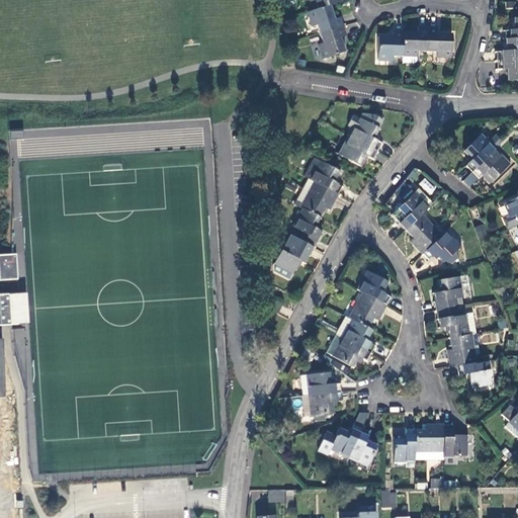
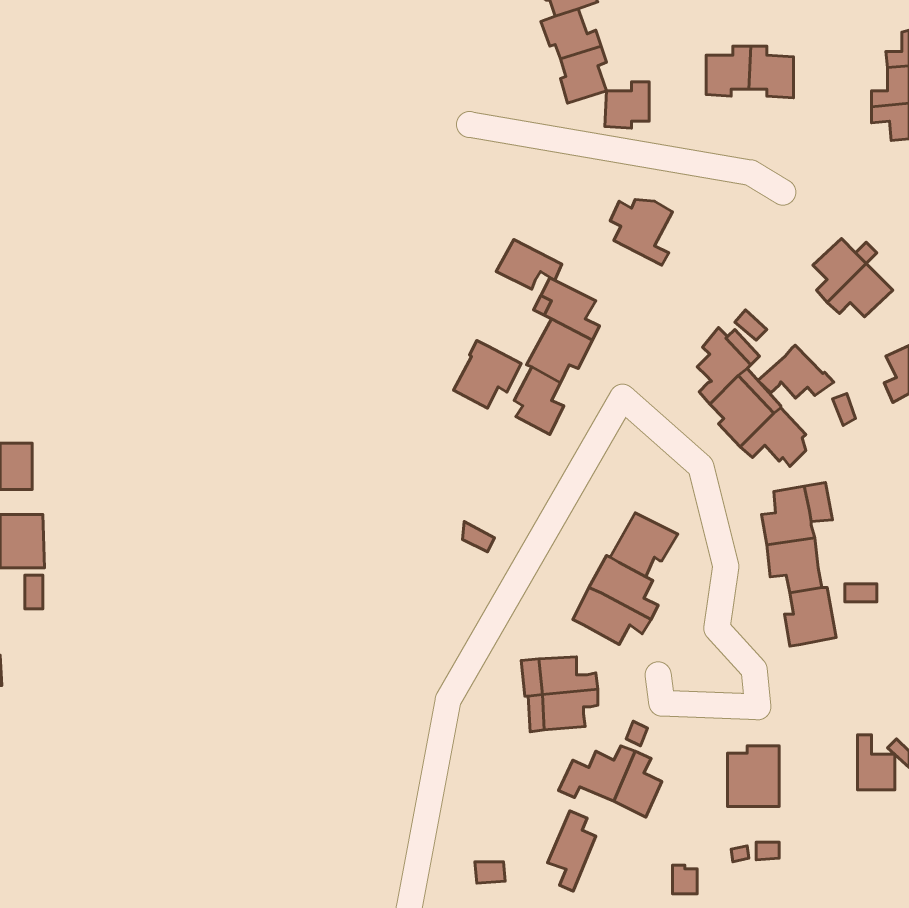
building: [376,31,402,58] -> [605,82,649,128]
building: [339,137,376,165] -> [496,239,562,289]
building: none -> [758,345,834,398]
building: [274,234,313,272] -> [454,340,521,408]
building: [357,271,390,304] -> none
building: [455,360,490,385] -> none
building: [443,424,464,455] -> [857,735,895,790]
building: [393,428,414,459] -> none
building: none -> [548,811,596,891]

